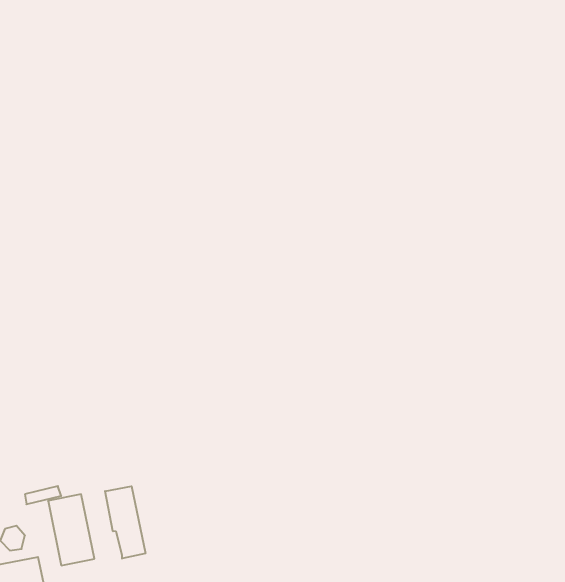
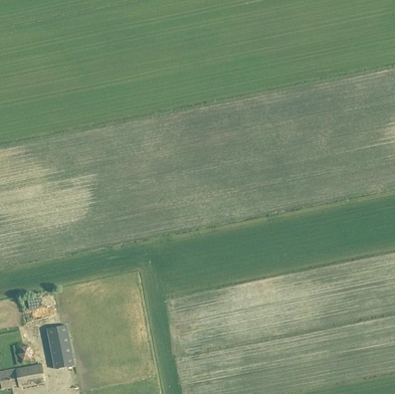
building: [105,486,145,559] -> none

